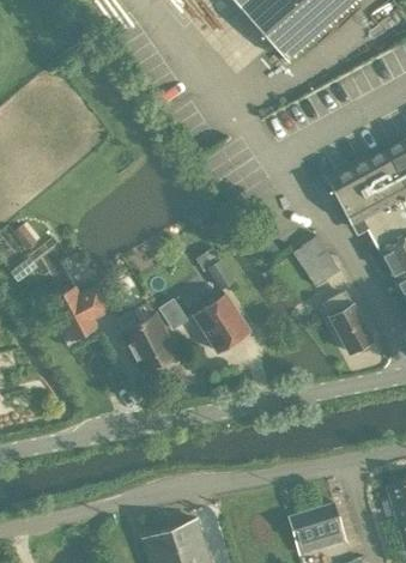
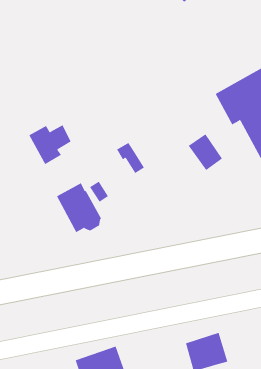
building: [51,285,109,339] -> [29,124,72,165]
building: [327,291,375,351] -> none
building: [195,292,250,351] -> none

